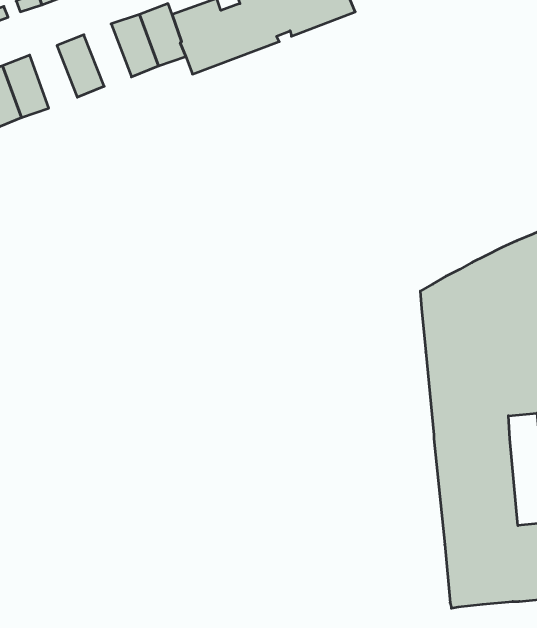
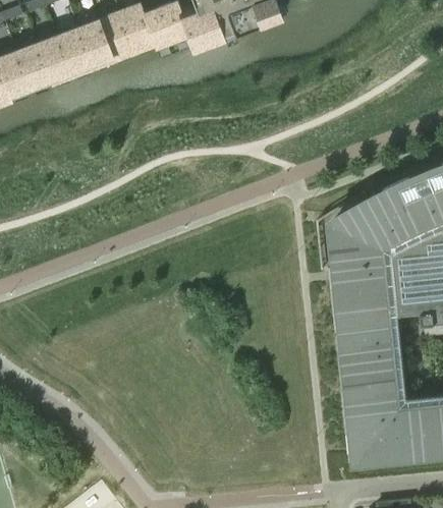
building: none -> [77,20,113,67]
building: none -> [37,37,72,83]

